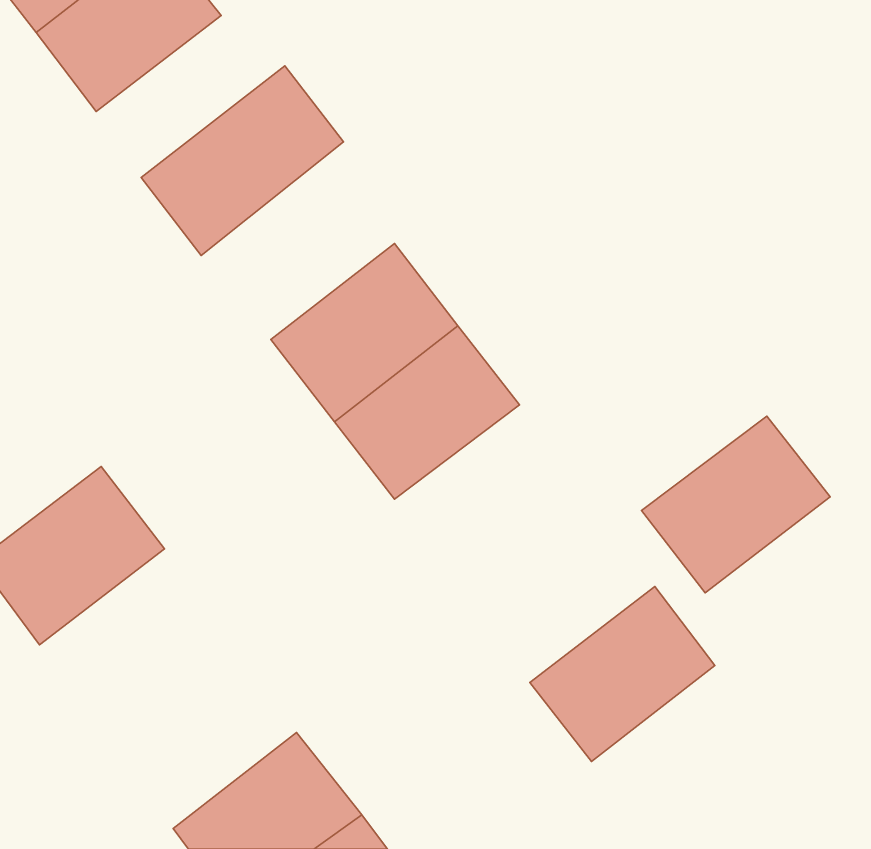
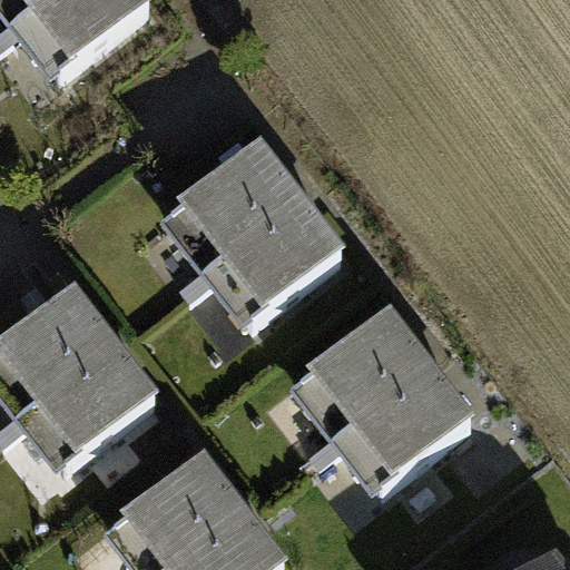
building: [141,66,344,256] -> none
building: [642,416,830,593] -> [303,328,425,443]
building: none -> [26,356,147,470]

